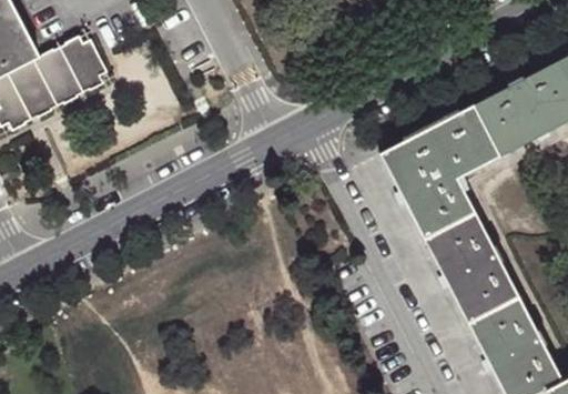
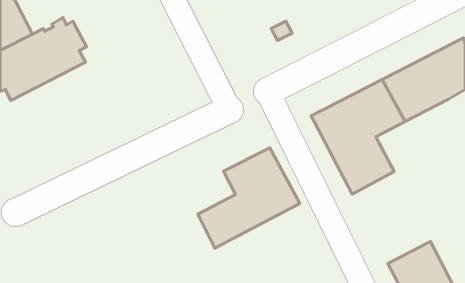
building: none -> [198,148,300,248]
building: [429,221,525,333] -> none

